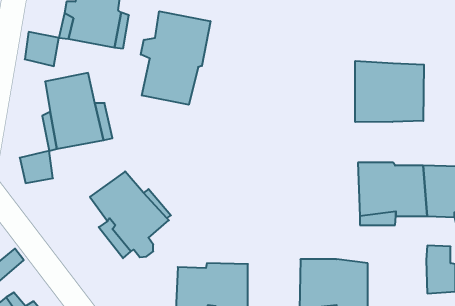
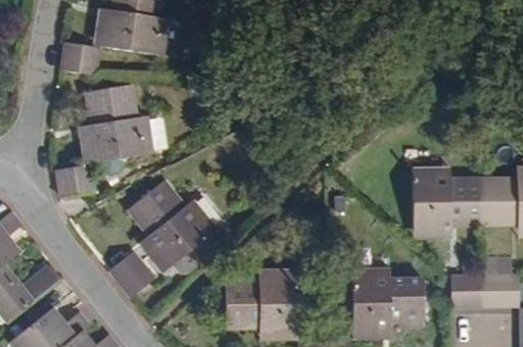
building: [141,11,210,105] -> none
building: [355,61,424,122] -> none
building: none -> [112,252,156,298]
building: none -> [449,275,484,309]

